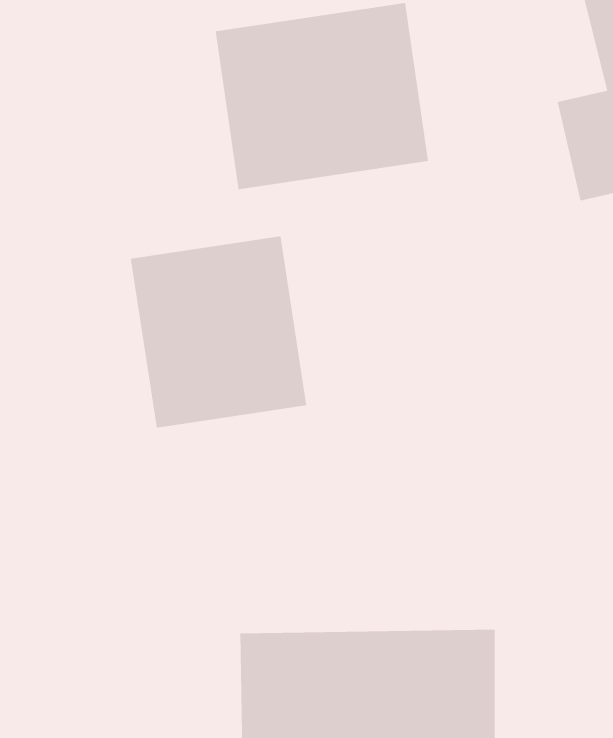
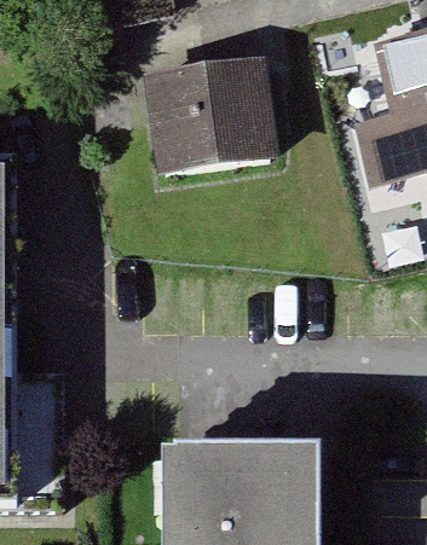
building: [130,236,307,428] -> none

